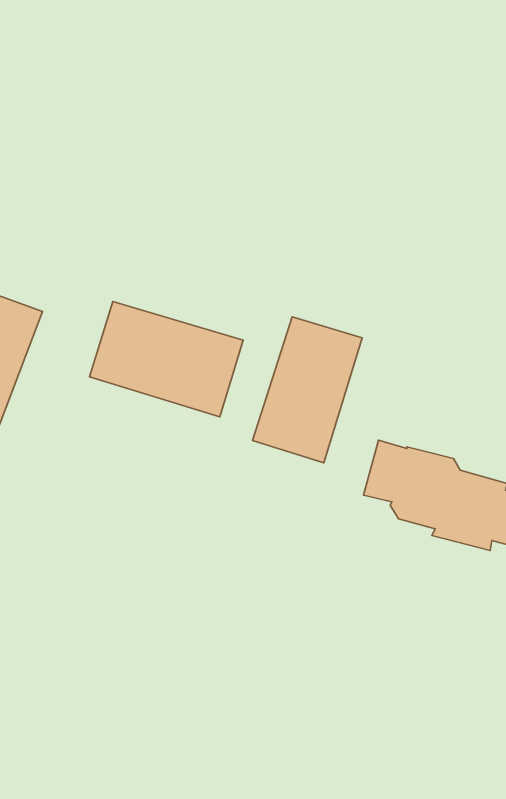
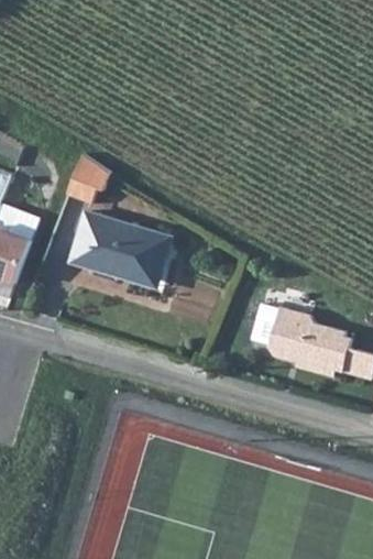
building: none -> [67,153,110,204]
building: [253,317,362,463] -> none

